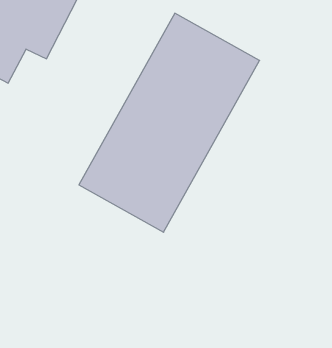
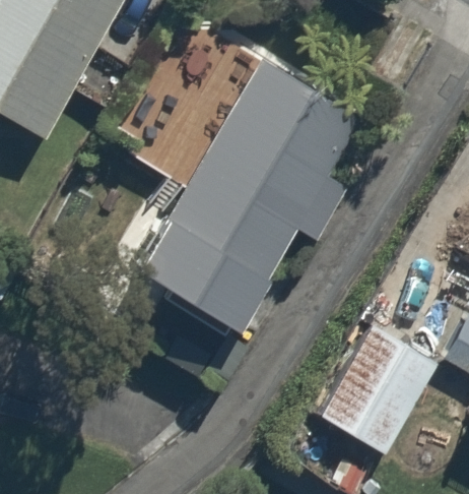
building: none -> [313,325,439,457]

